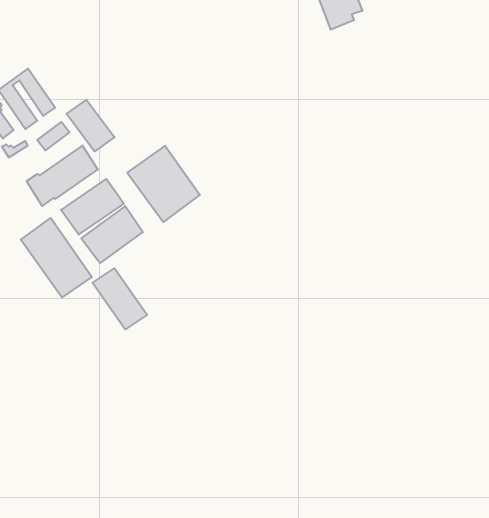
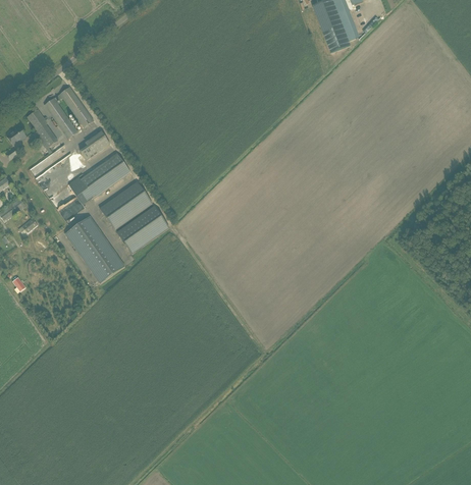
building: [67,100,115,151] -> none
building: [127,146,200,222] -> none
building: [92,268,147,329] -> none

